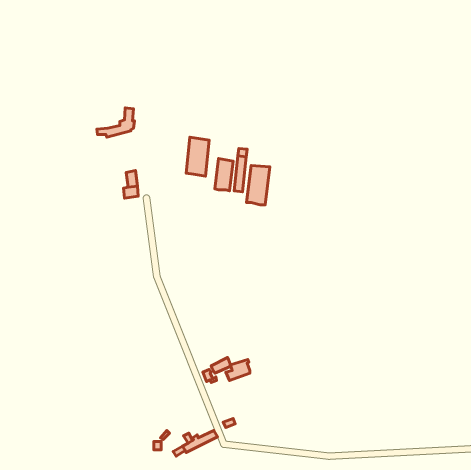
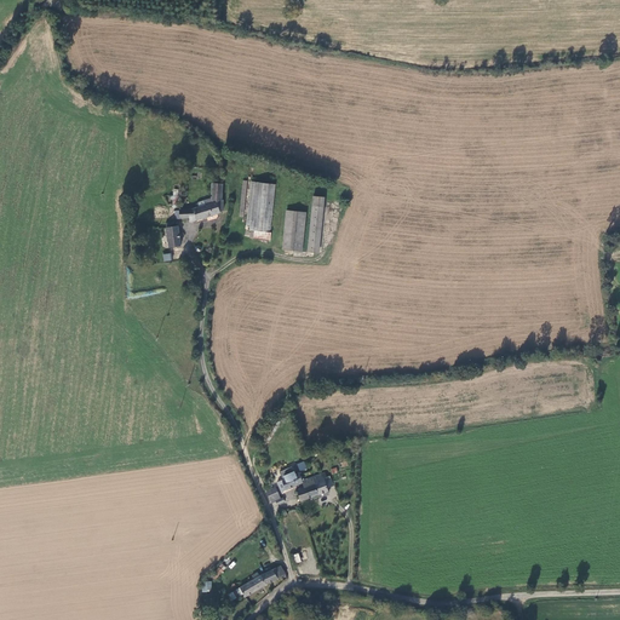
building: [97,108,135,137] -> [174,182,224,220]
building: [247,166,270,205] -> none

